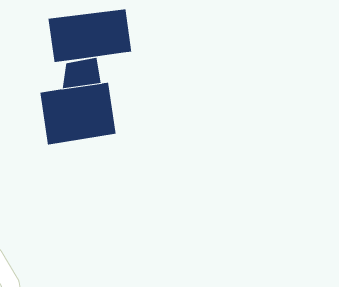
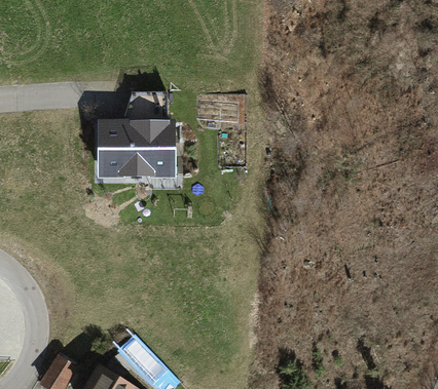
building: [48,8,132,63] -> none

